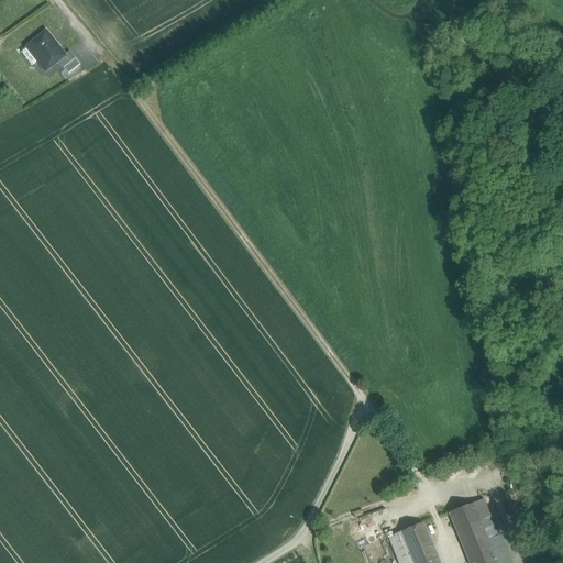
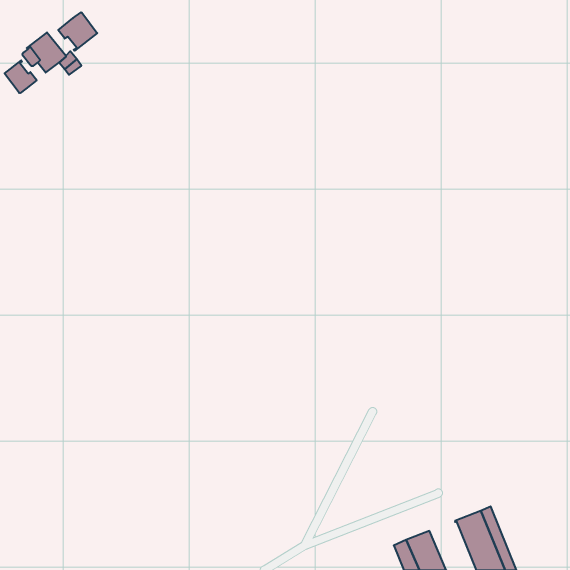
building: none -> [58,12,97,51]
building: none -> [5,60,37,93]

